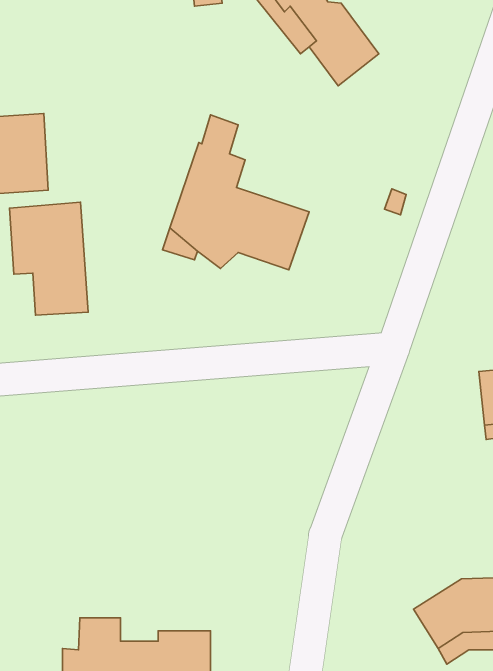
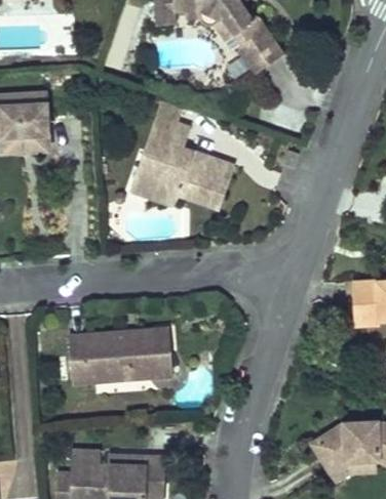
building: [9,202,88,315] -> none
building: none -> [71,329,176,382]

